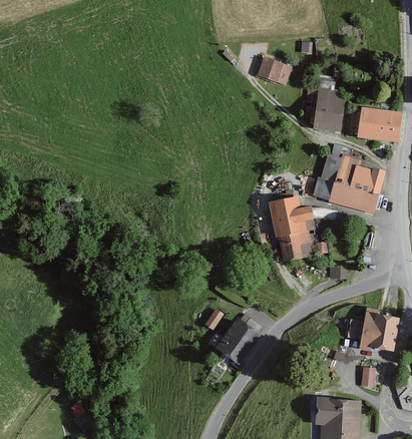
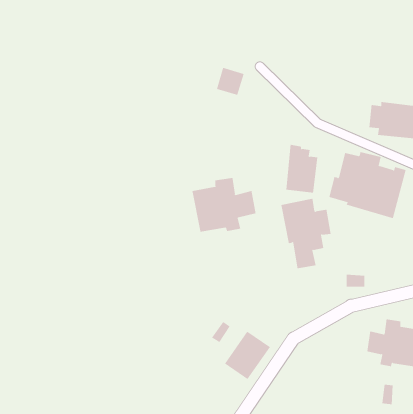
building: [258,57,284,83] -> [216,67,244,96]
building: [314,87,344,132] -> [285,144,318,193]
building: none -> [192,177,256,233]

